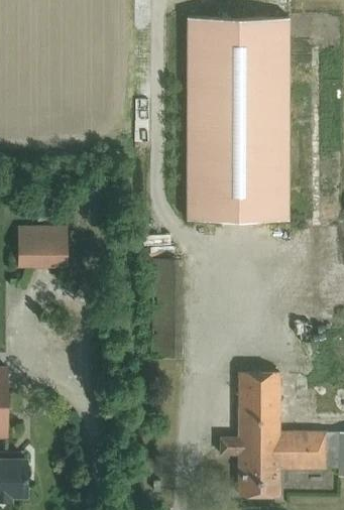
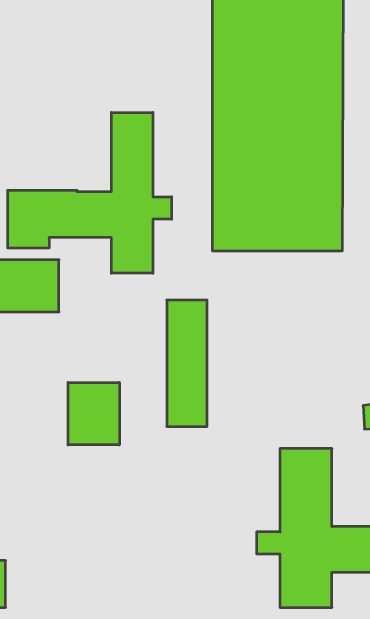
building: none -> [8,112,172,273]
building: none -> [68,382,119,445]

